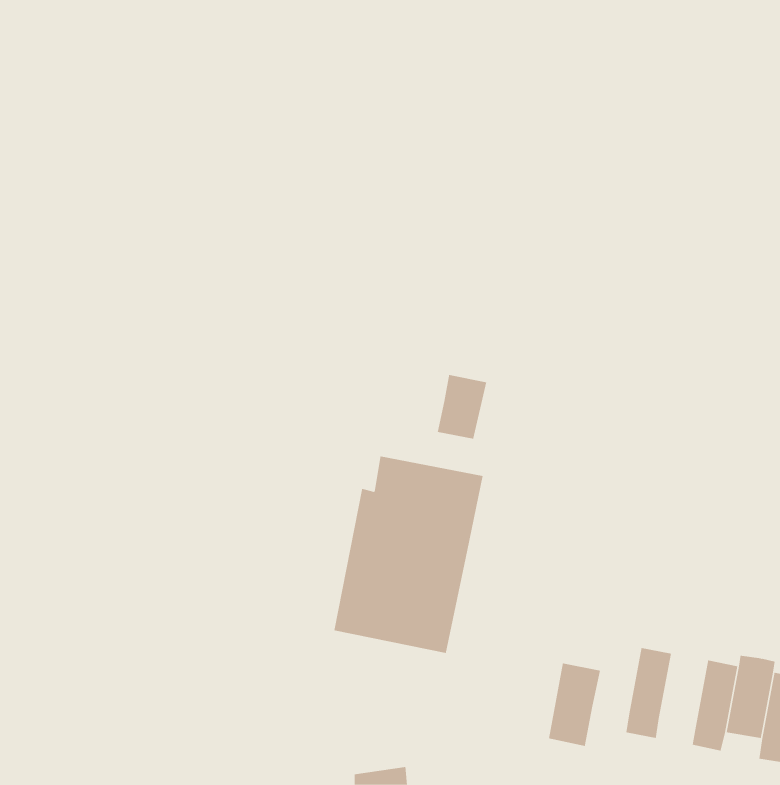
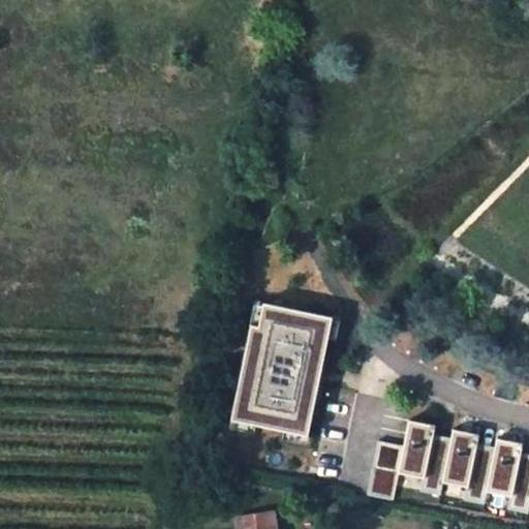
building: [437,374,487,440] -> none
building: none -> [403,422,437,477]
building: none -> [447,430,480,486]

